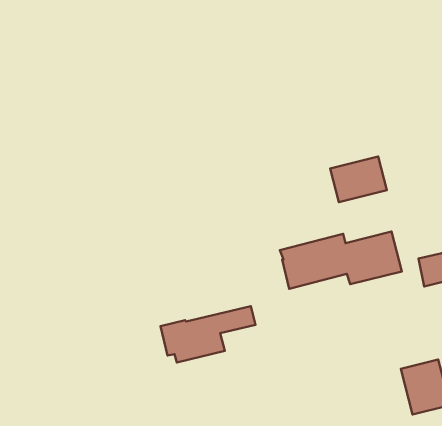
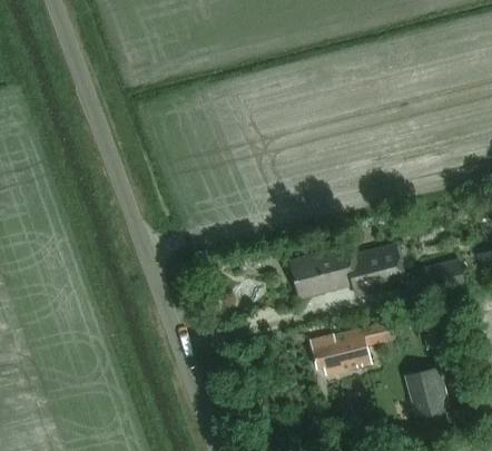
building: [330,156,387,202] -> none
building: [160,306,255,362] -> [309,321,400,374]

